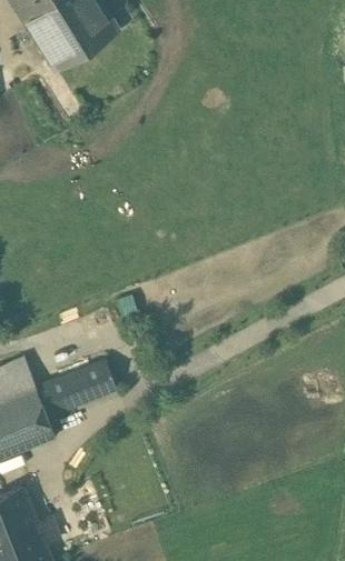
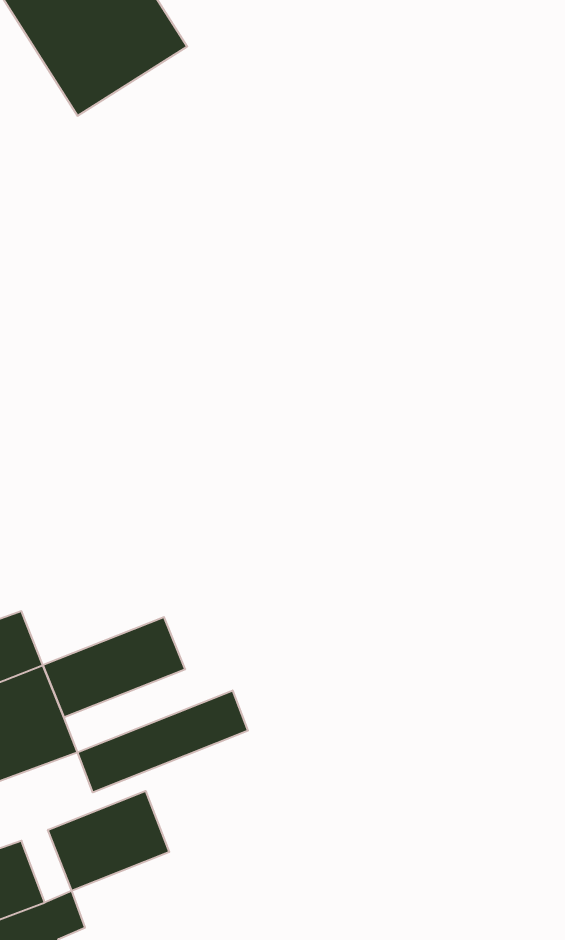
building: none -> [77,690,248,792]
building: none -> [48,791,169,891]

